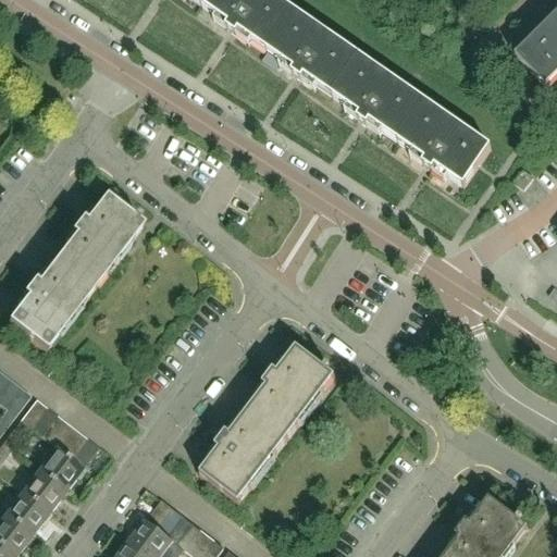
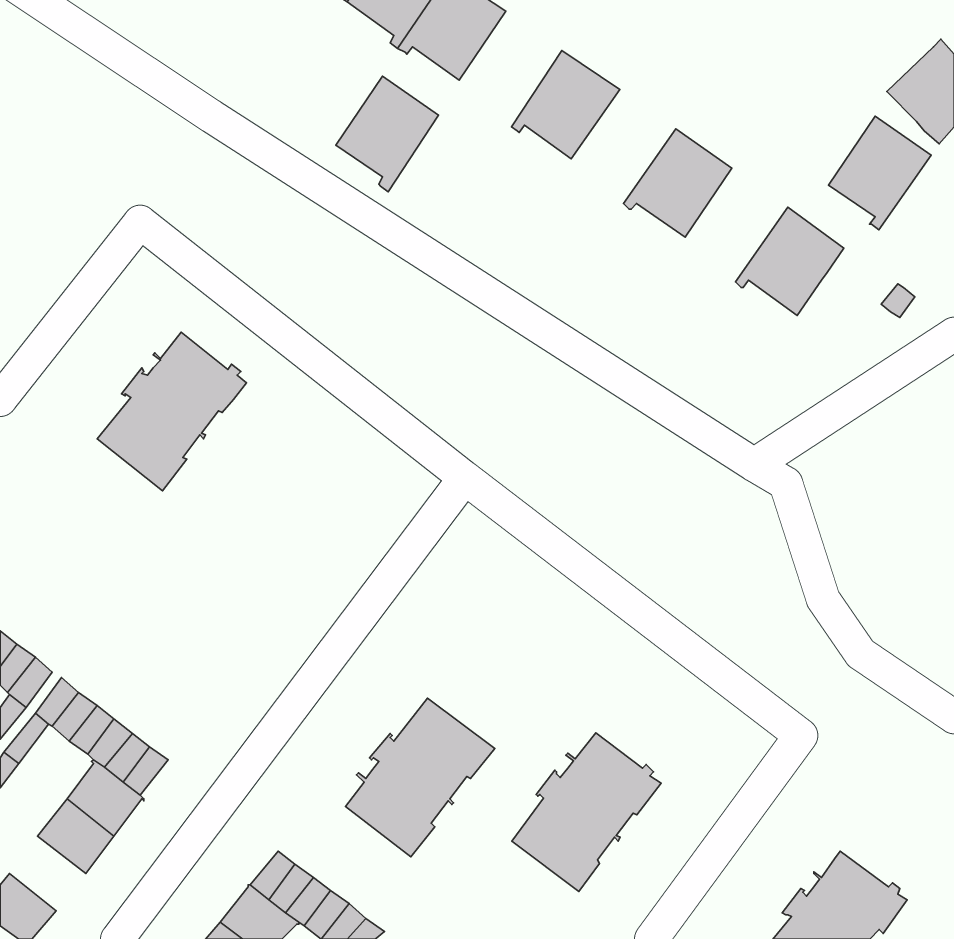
building: [268,7,327,74] -> [336,76,439,192]
building: [333,52,394,119] -> none
building: [399,98,459,164] -> [828,116,931,230]
building: [9,256,95,348] -> none
building: [249,344,336,436] -> [512,733,661,891]
building: [5,487,50,531] -> none

